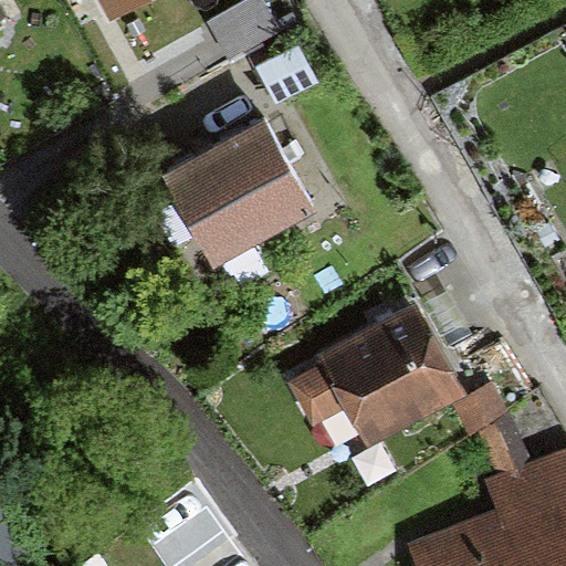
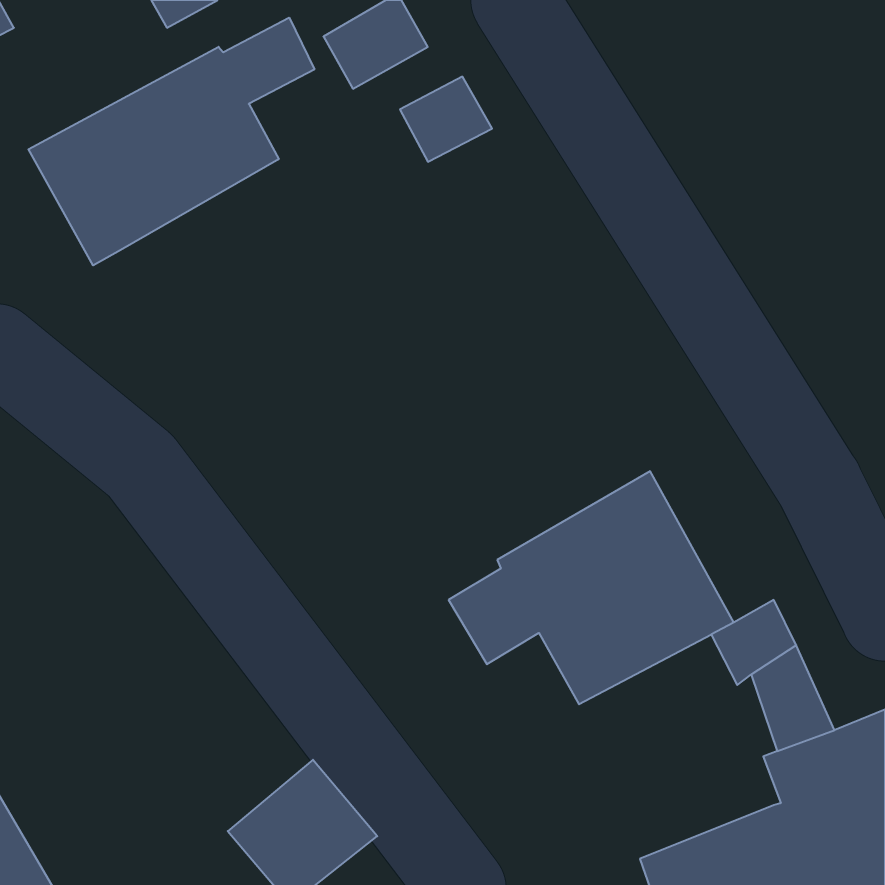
building: none -> [28,18,314,265]
building: [167,120,314,262] -> none

